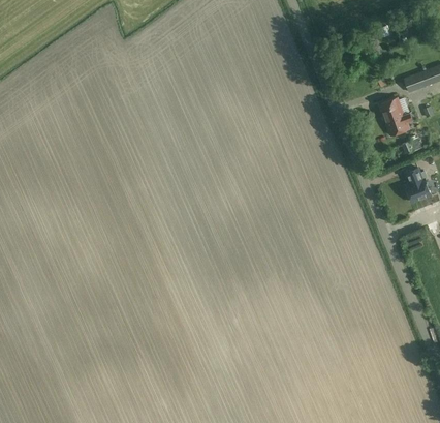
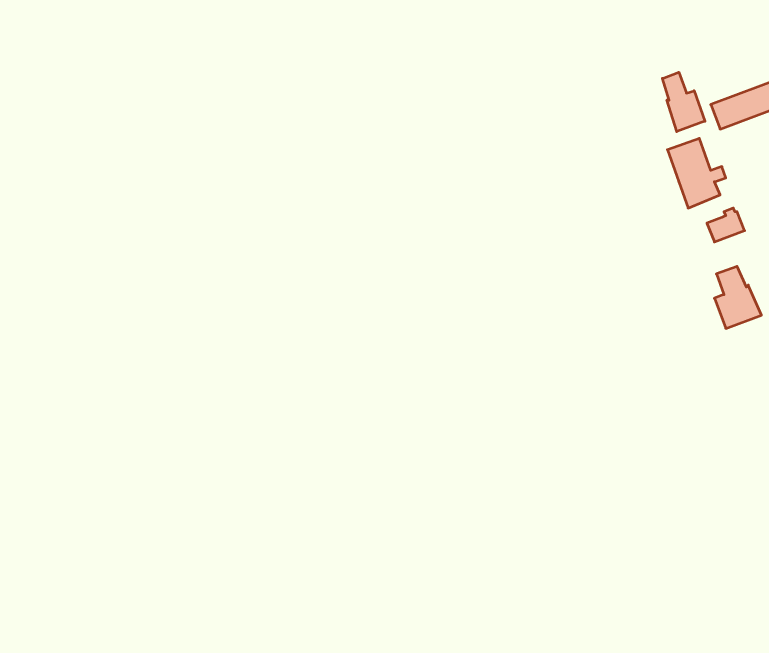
building: none -> [662,72,705,132]

